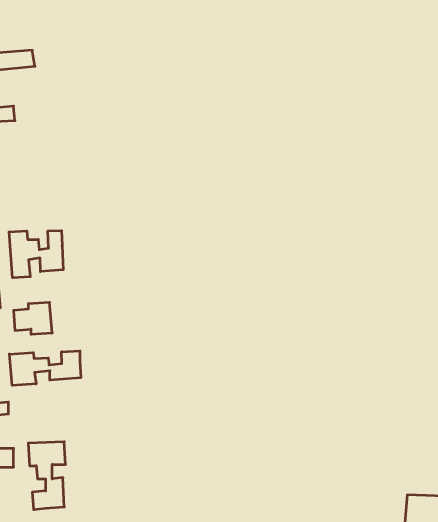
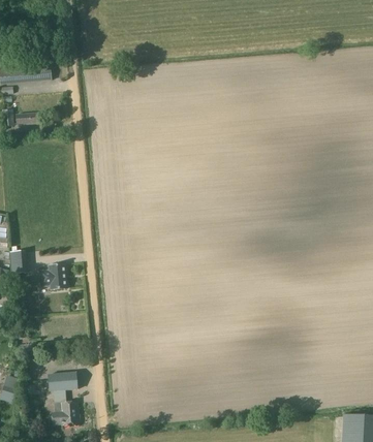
building: [9,231,63,278] -> none
building: [9,351,81,385] -> none

